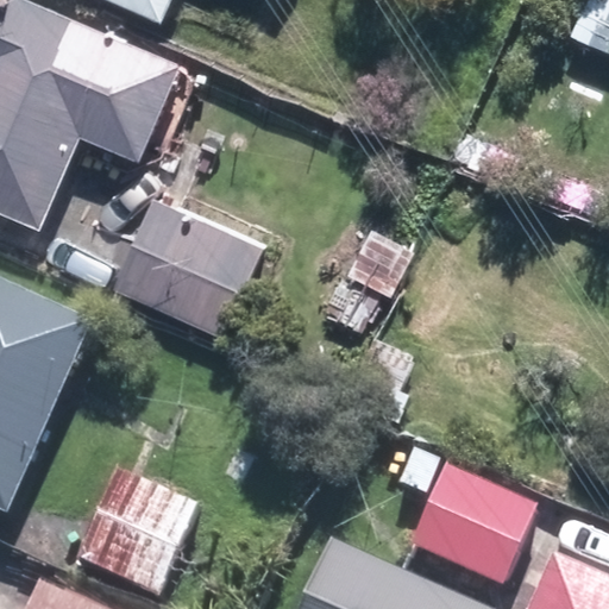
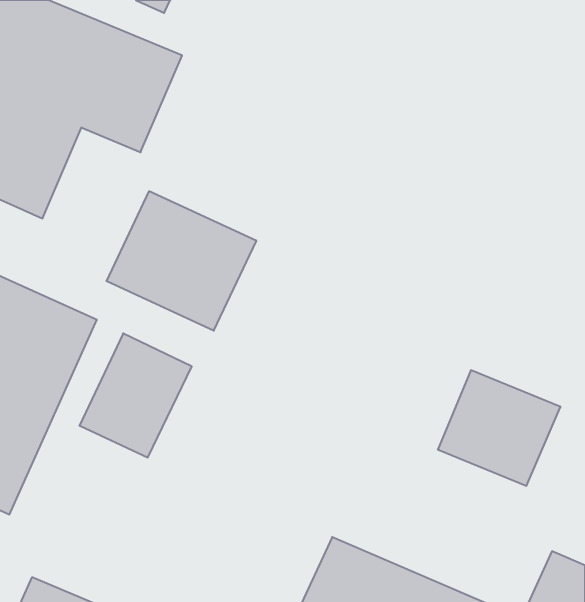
building: [410,467,534,584] -> [438,370,561,486]
building: [82,472,195,597] -> [79,333,192,457]

